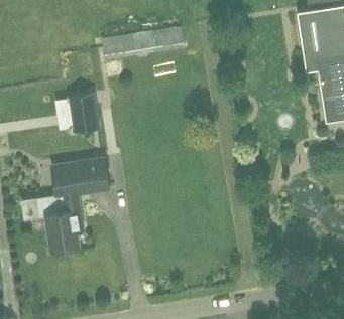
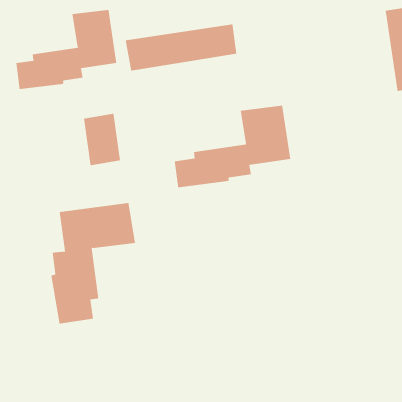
building: none -> [16,9,117,90]
building: none -> [174,105,291,188]

